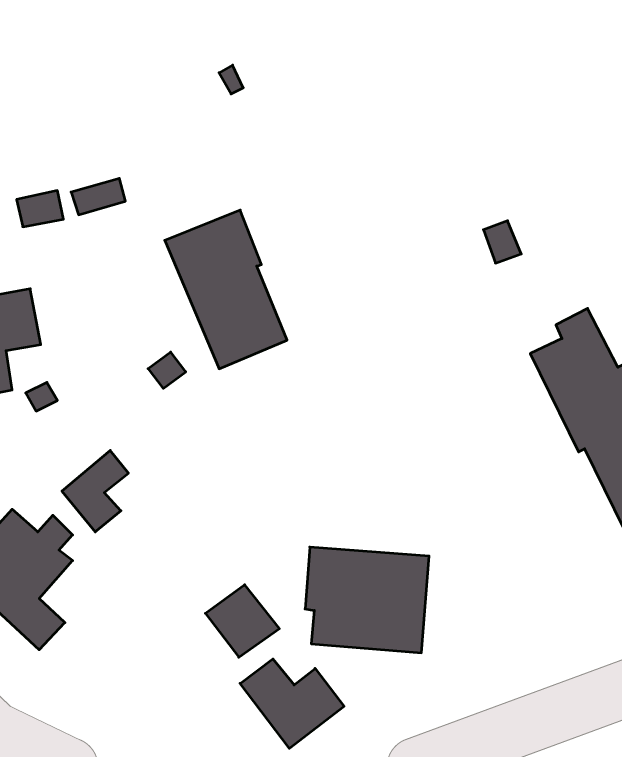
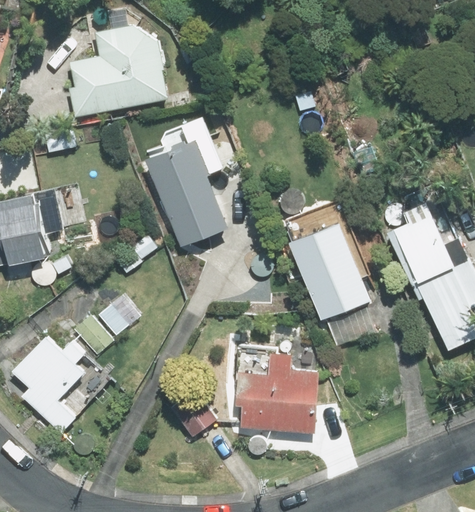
building: none -> [64,24,169,117]
building: none -> [284,211,368,319]
building: [240,659,344,748] -> none

